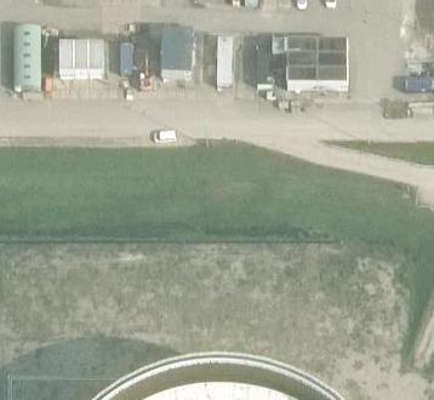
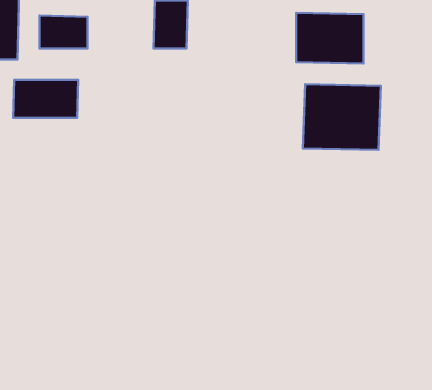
building: none -> [13,80,78,118]
building: none -> [303,84,381,150]

